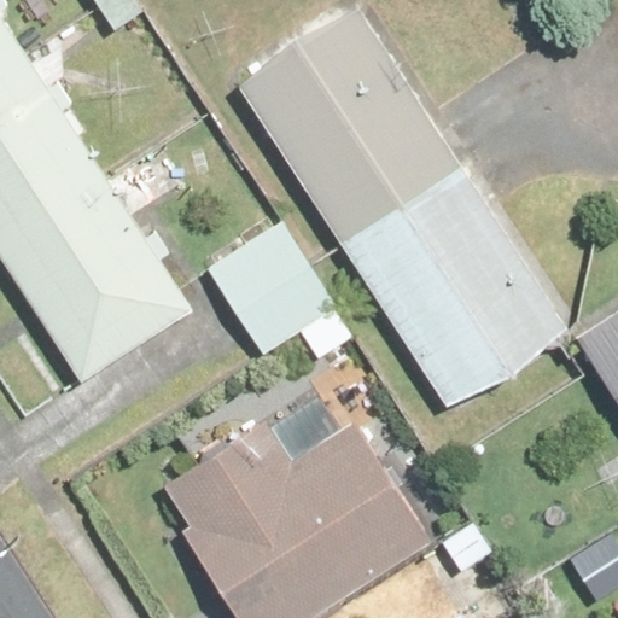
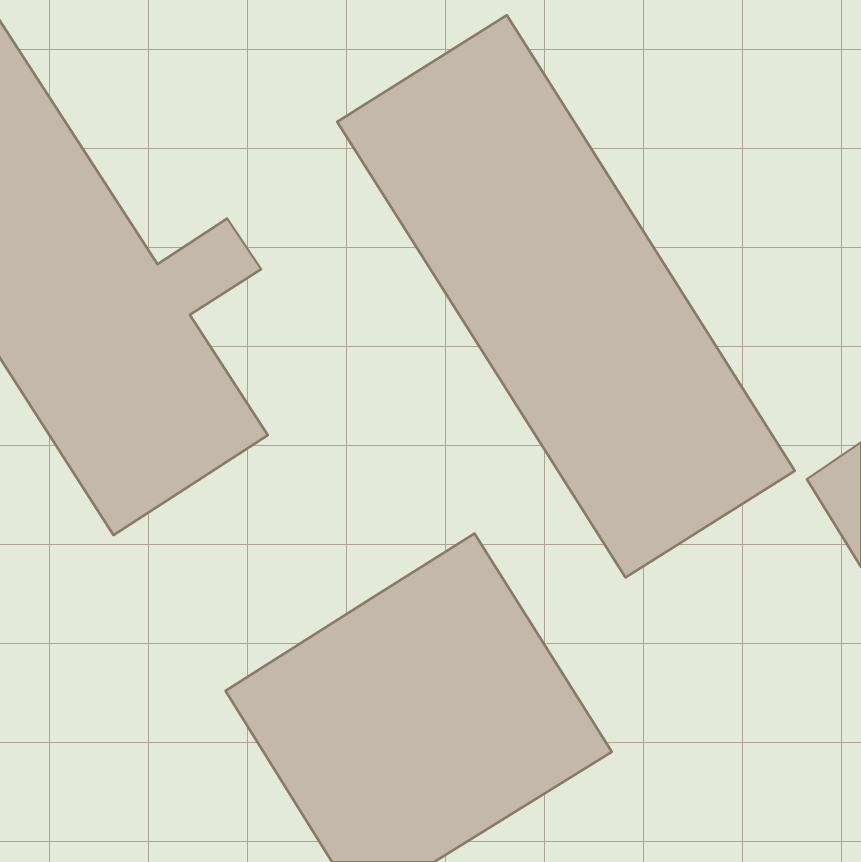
building: [208,222,355,361] -> none

